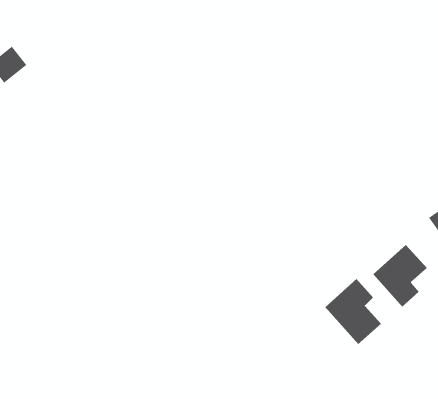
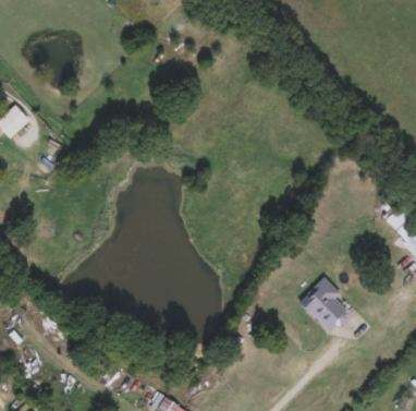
building: [372,244,428,307] -> none

